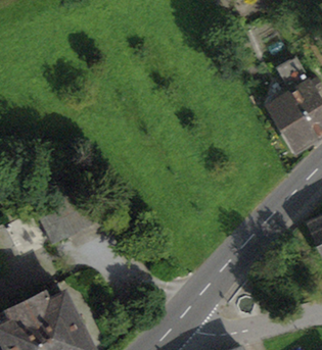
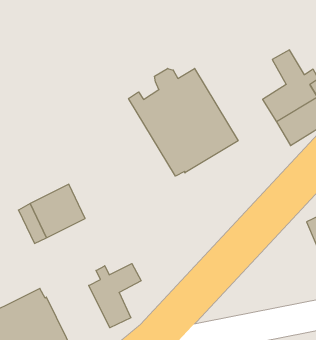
building: none -> [129,68,238,176]
building: none -> [89,264,141,328]

